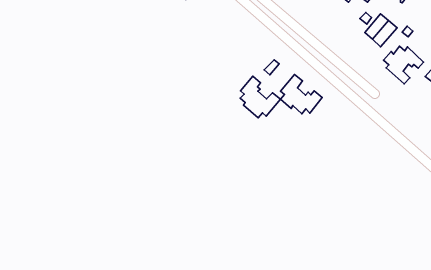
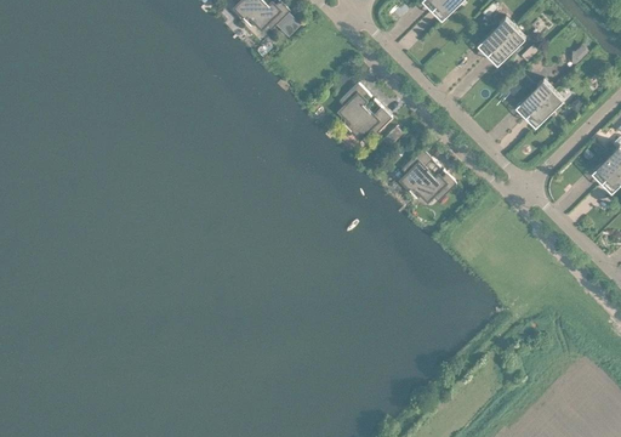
building: [383,46,424,84] -> none
building: [240,76,280,118] -> [338,85,392,141]

